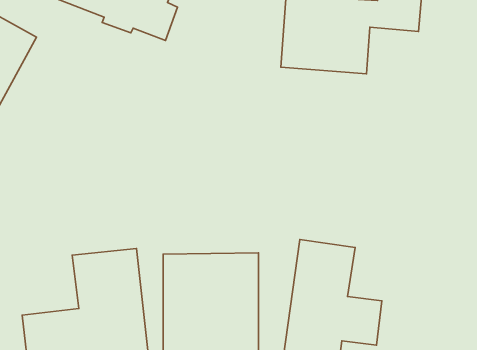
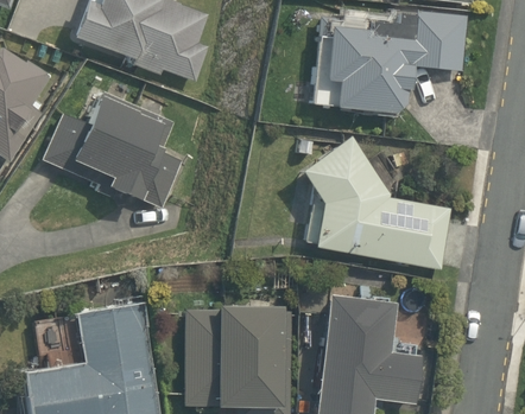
building: none -> [44,93,178,209]
building: none -> [301,132,448,270]

